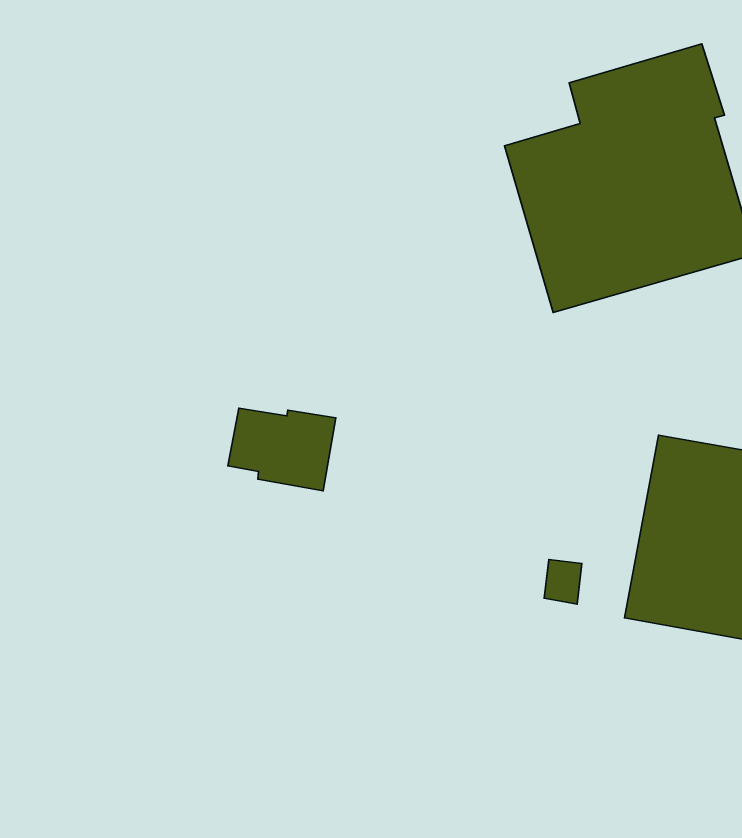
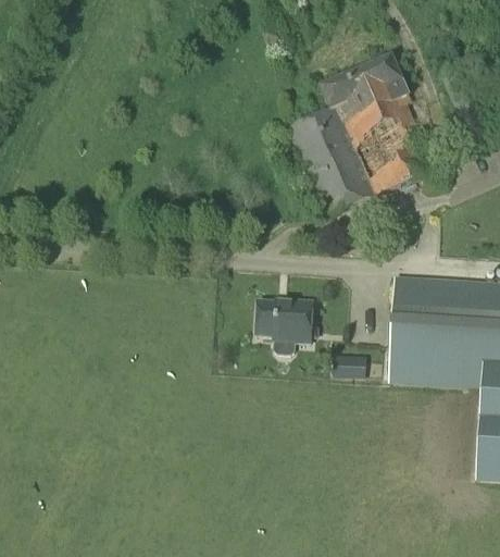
building: [228,408,336,491] -> [259,300,315,343]

